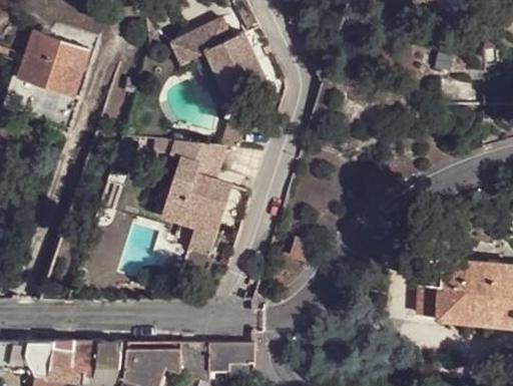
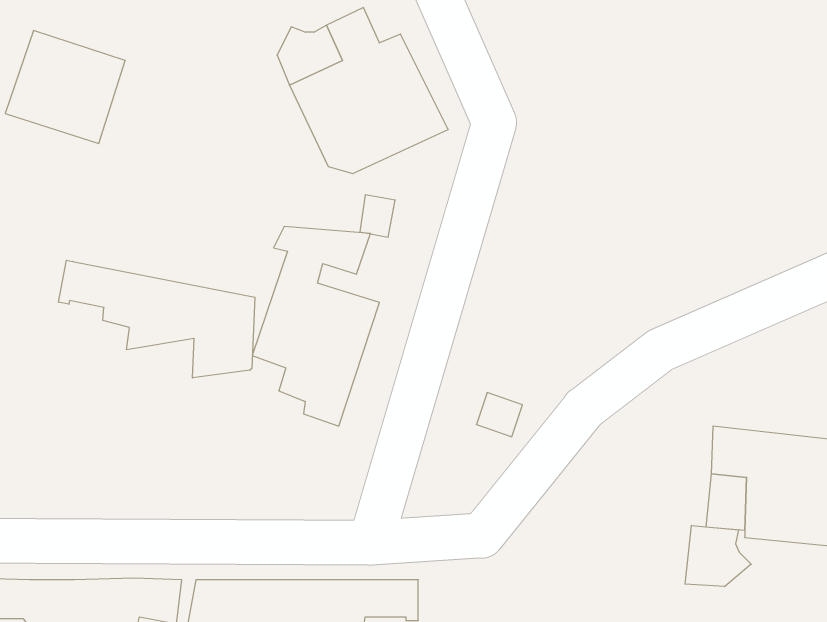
building: none -> [58,260,255,378]
building: none -> [685,525,751,587]

